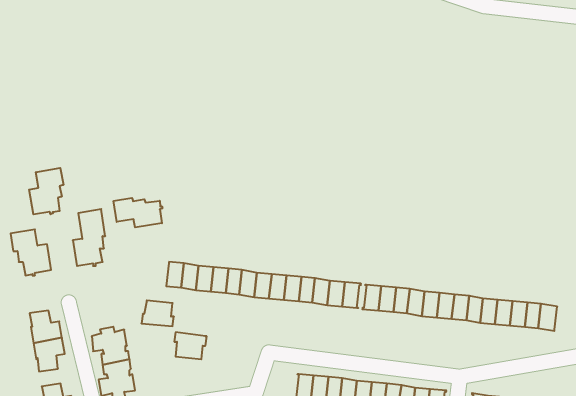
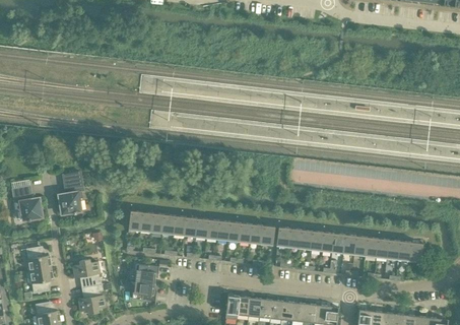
building: [29,168,63,214] -> none
building: [114,198,162,227] -> none
building: [141,300,174,326] -> [131,281,155,301]

